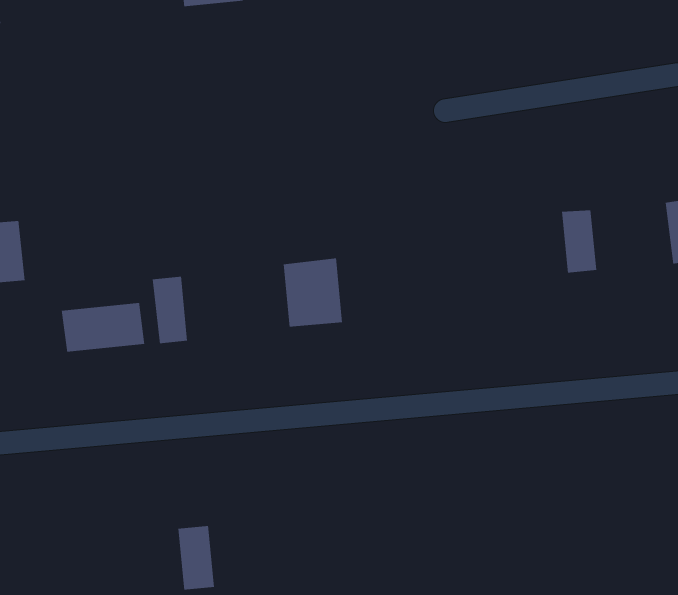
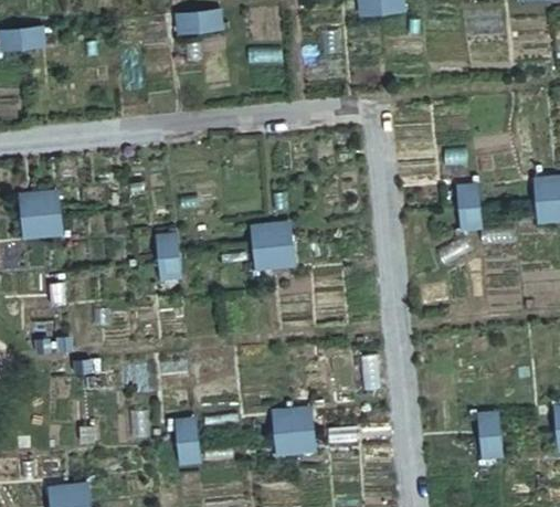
building: [61,302,145,352] -> none
building: none -> [273,405,318,455]
building: none -> [476,412,503,457]

